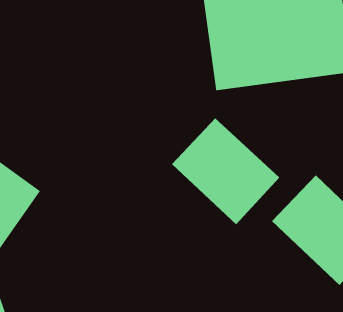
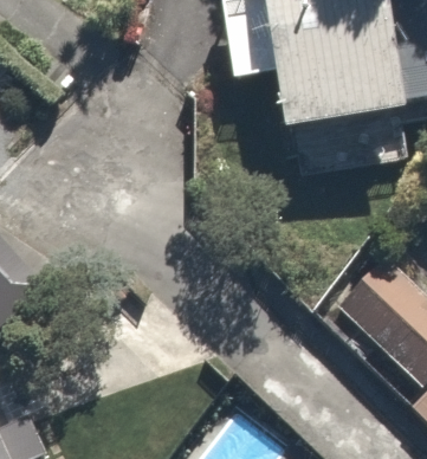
building: [171,117,280,225] -> none

